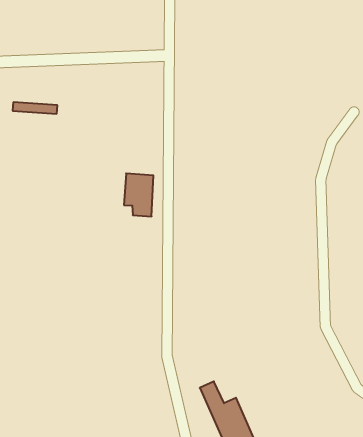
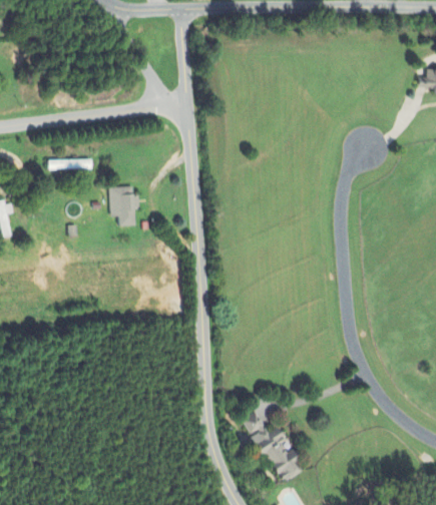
building: [124,173,153,216] -> [110,186,137,225]

